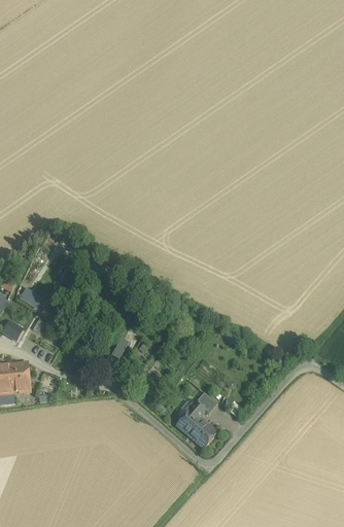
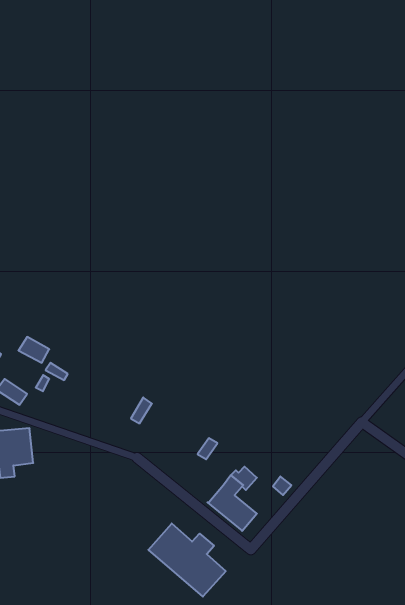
building: none -> [148,523,226,597]

